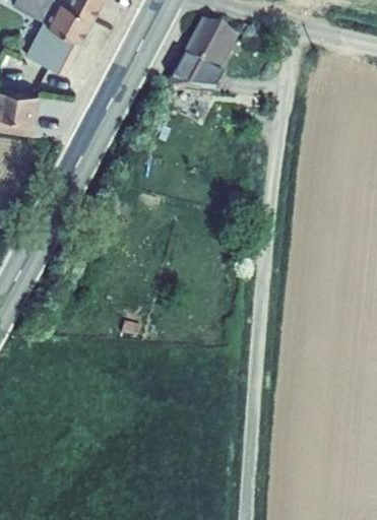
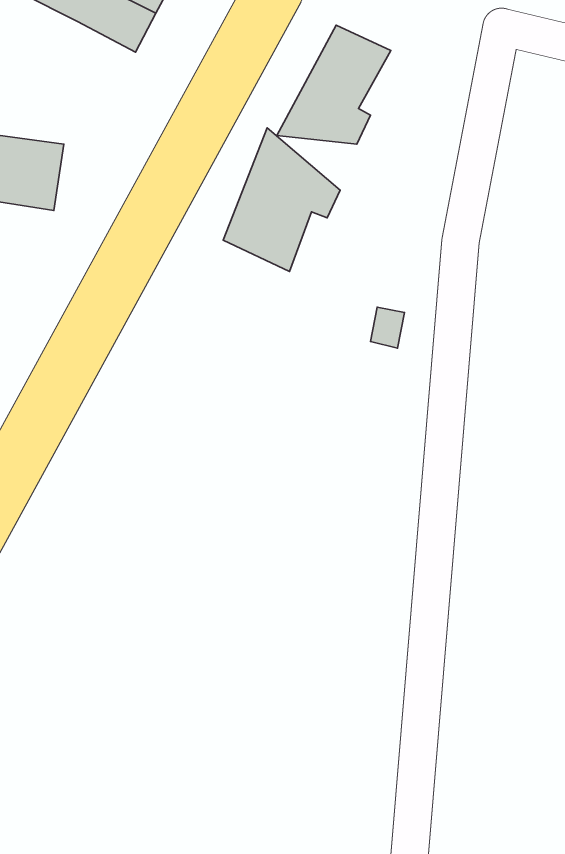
building: [30,15,83,67] -> none
building: none -> [223,128,340,271]

